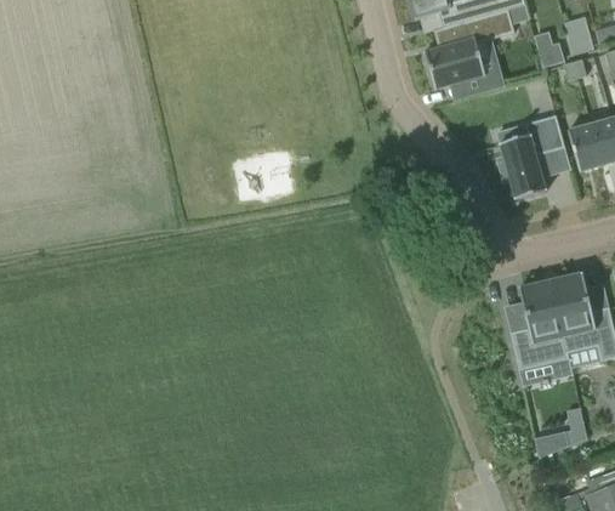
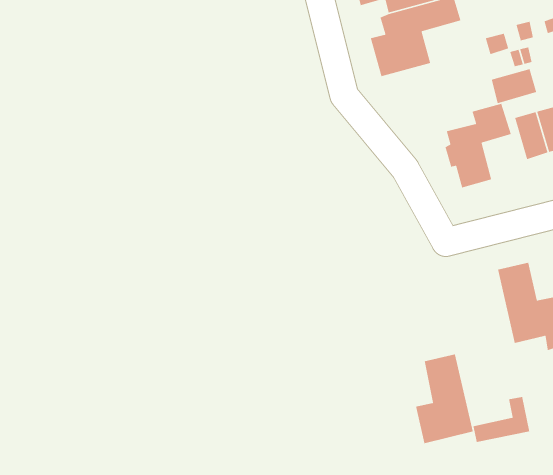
building: none -> [491,68,537,104]
building: [512,280,570,370] -> [415,354,474,444]

